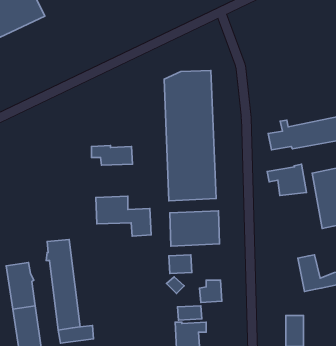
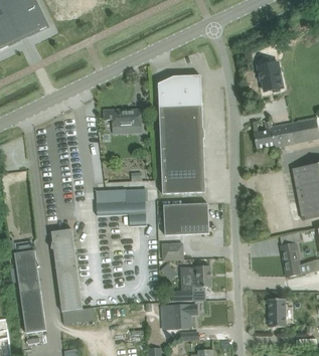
building: none -> [256,59,284,92]
building: [92,145,132,165] -> [104,108,141,126]
building: [267,164,306,196] -> none

